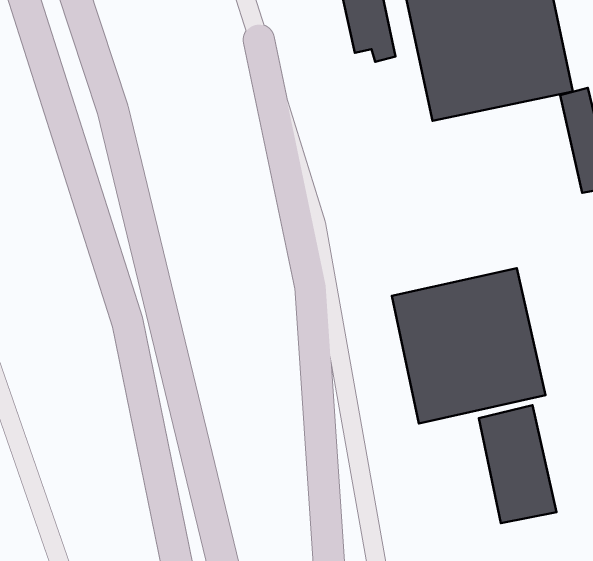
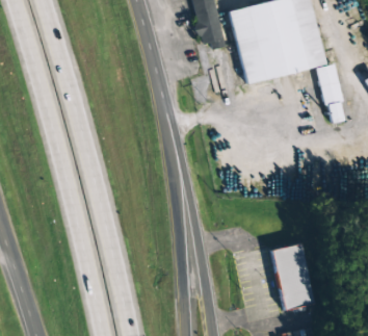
building: [392,268,545,424] -> none

